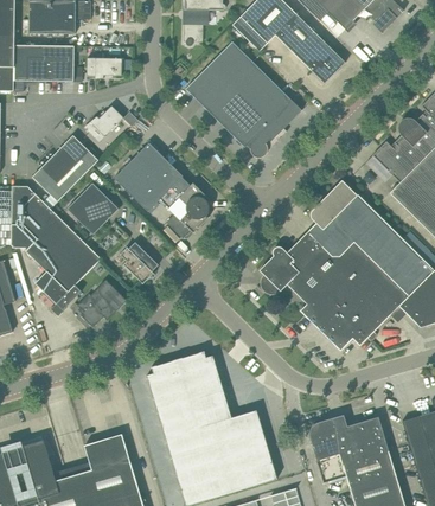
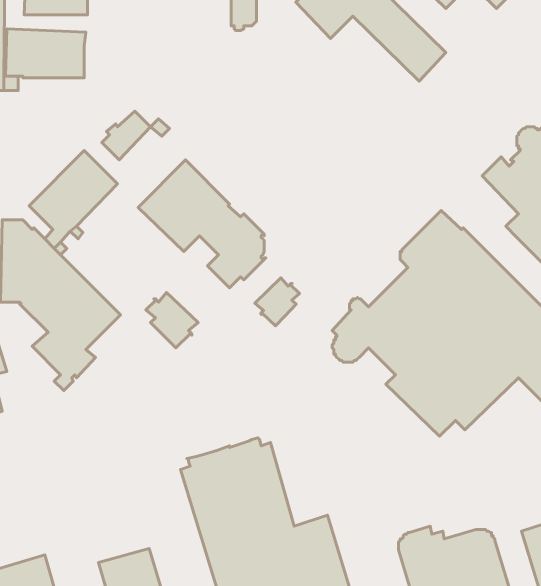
building: [187,43,302,158] -> none
building: [87,57,122,78] -> none
building: [66,182,119,235] -> none
building: none -> [255,278,300,326]
building: [77,278,127,327] -> none

